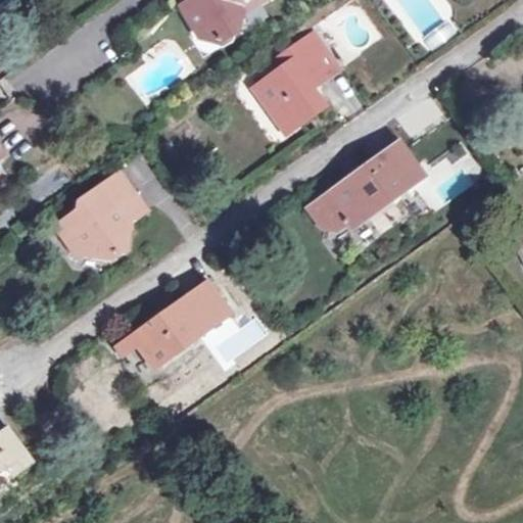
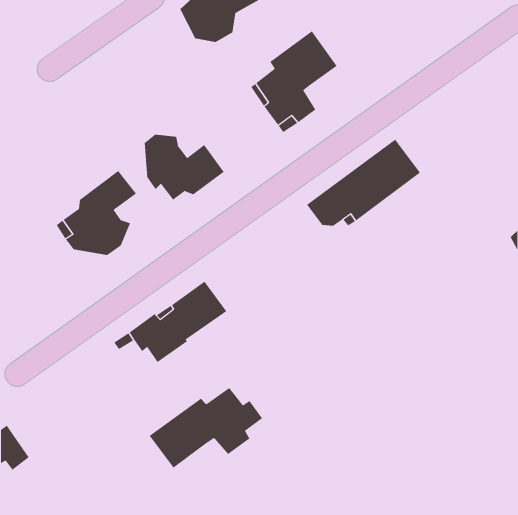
building: none -> [144,134,224,201]
building: none -> [149,387,263,468]

